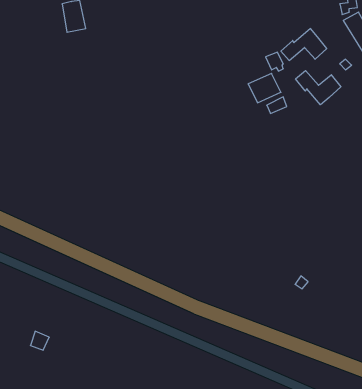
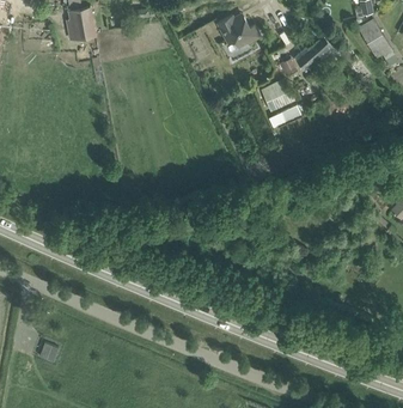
building: none -> [218,14,259,48]
building: [296,71,341,105] -> none

